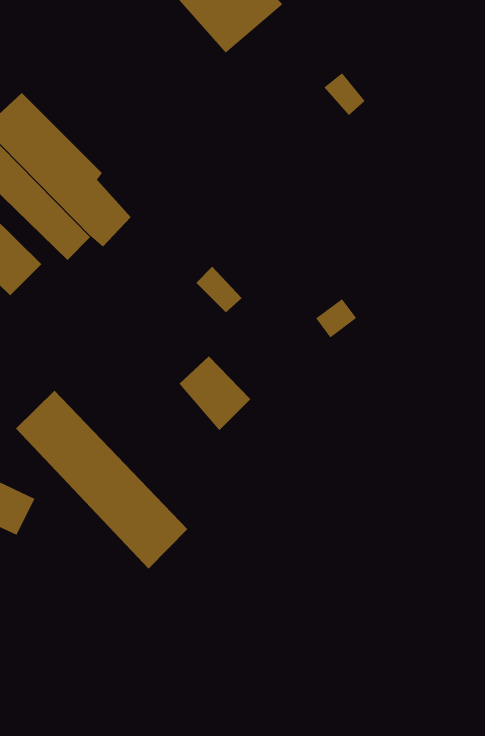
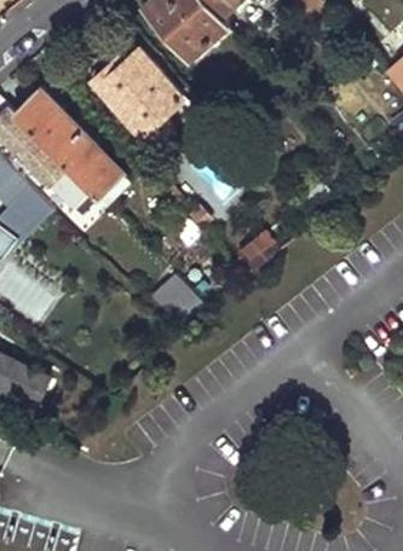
building: none -> [92,52,180,135]
building: [15,390,188,569] -> none

